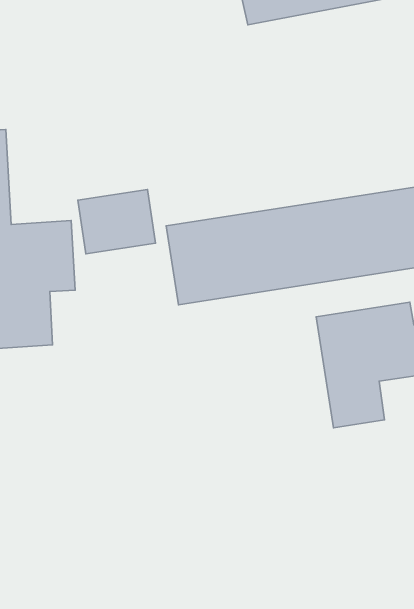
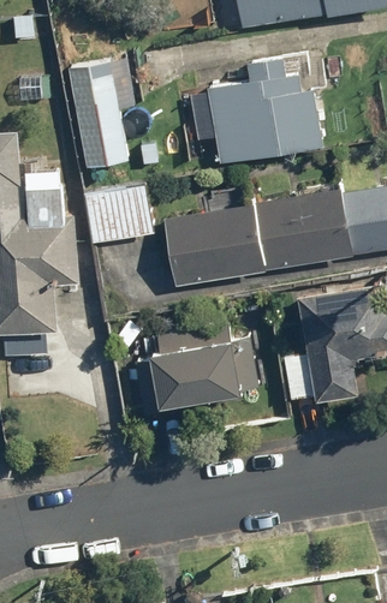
building: none -> [204,59,320,161]
building: none -> [69,60,123,166]
building: none -> [151,330,245,404]

